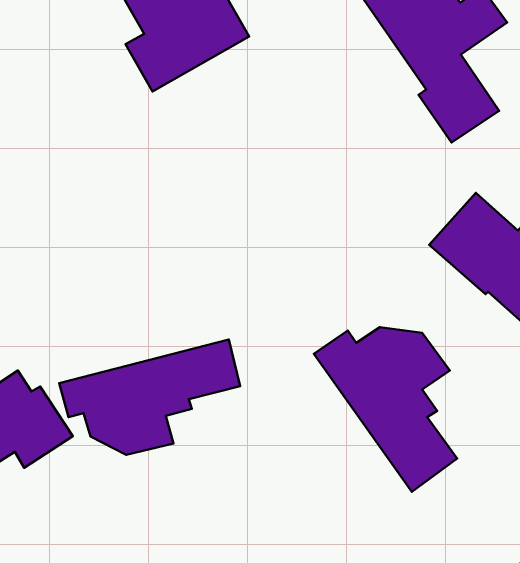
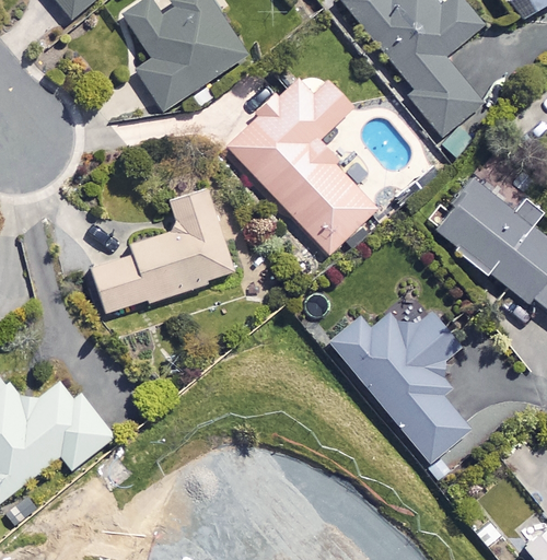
building: none -> [226,75,376,254]
building: none -> [90,187,236,317]
building: [59,339,240,455] -> none

